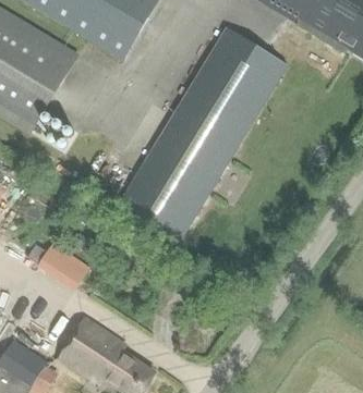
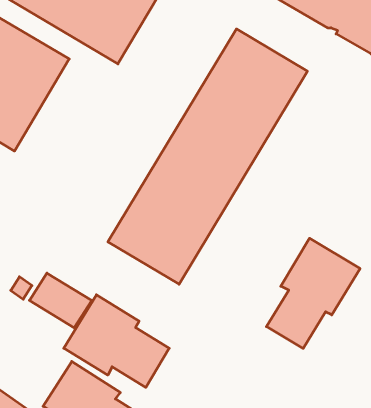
building: none -> [266,238,360,348]
building: none -> [64,295,169,387]

